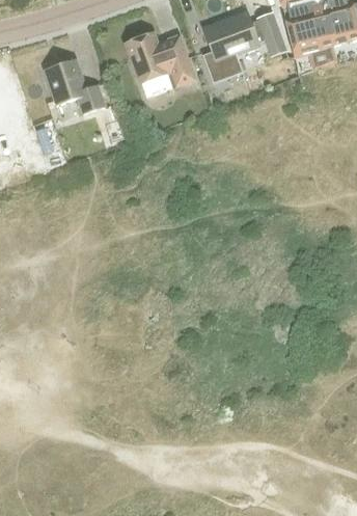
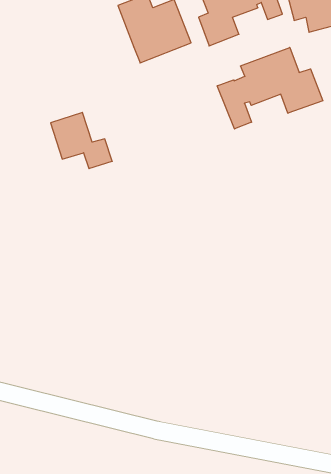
building: [46,57,106,112] -> [51,112,112,169]
building: none -> [217,47,323,129]

